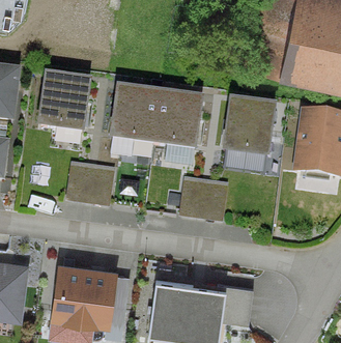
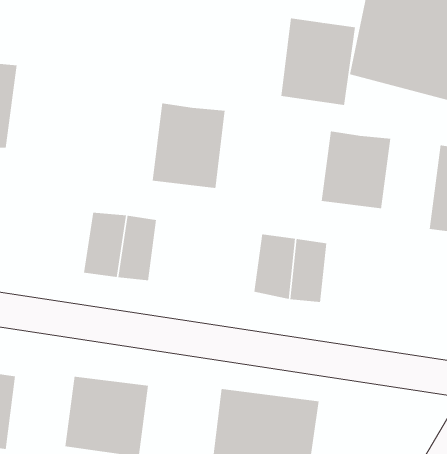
building: [39,69,92,128] -> none
building: [155,94,205,152] -> [281,18,356,105]

